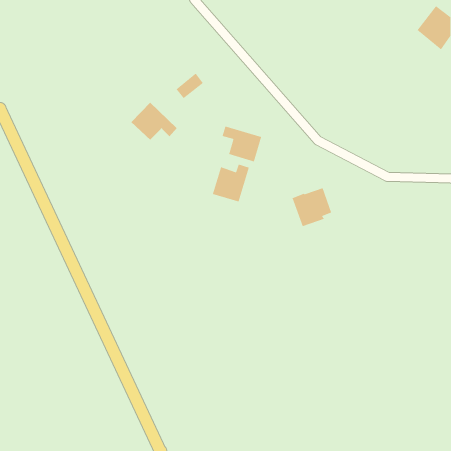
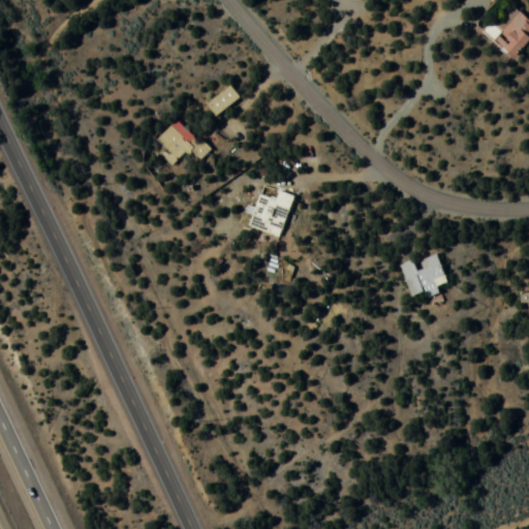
building: [221,126,262,162] -> none
building: [291,187,332,227] -> [400,253,447,300]

